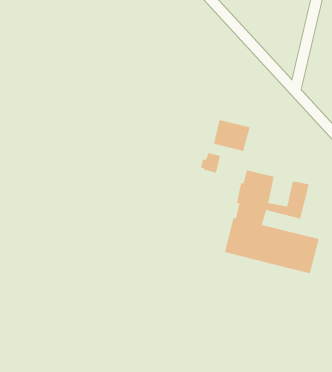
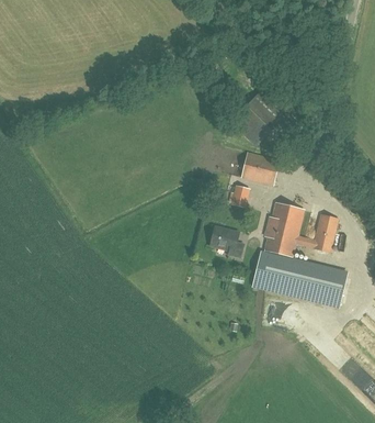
building: none -> [230,92,284,146]
building: none -> [209,226,242,257]

